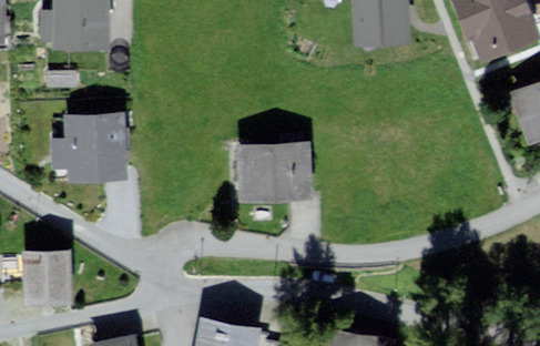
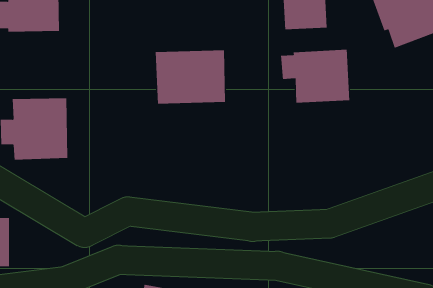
building: none -> [281,49,350,103]
building: [235,144,312,203] -> [155,50,226,104]

